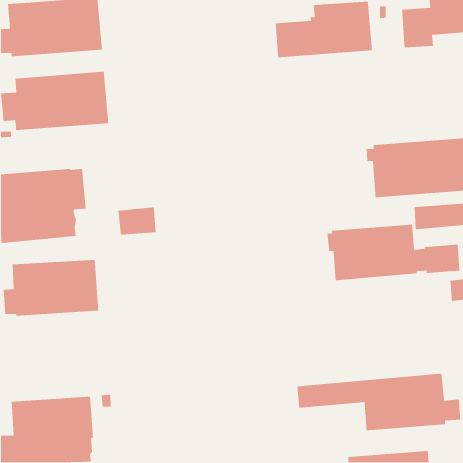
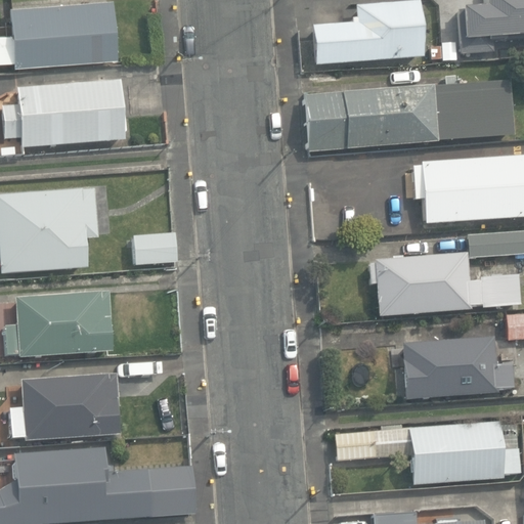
building: none -> [305,79,514,149]
building: none -> [400,338,515,401]
building: none -> [11,374,120,441]
building: none -> [134,480,193,513]

